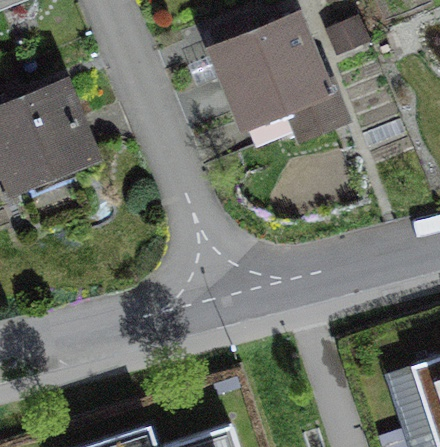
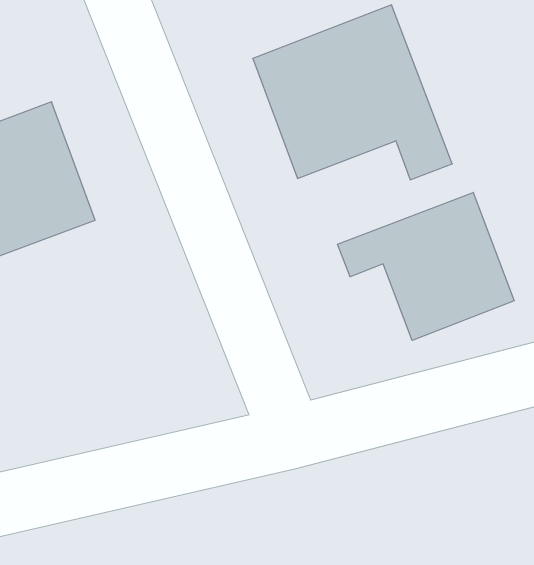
building: none -> [338,192,514,340]

